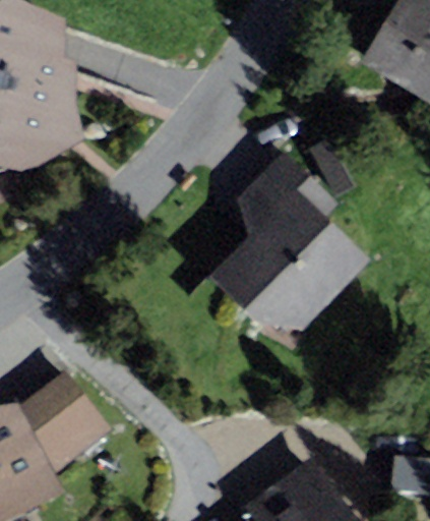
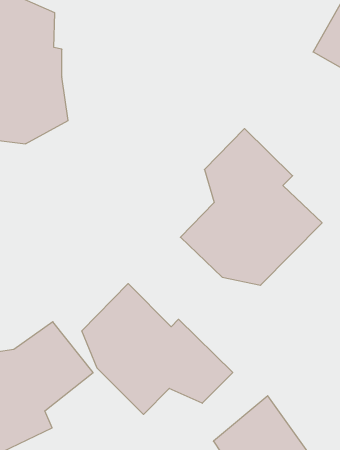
building: none -> [82,284,233,414]

